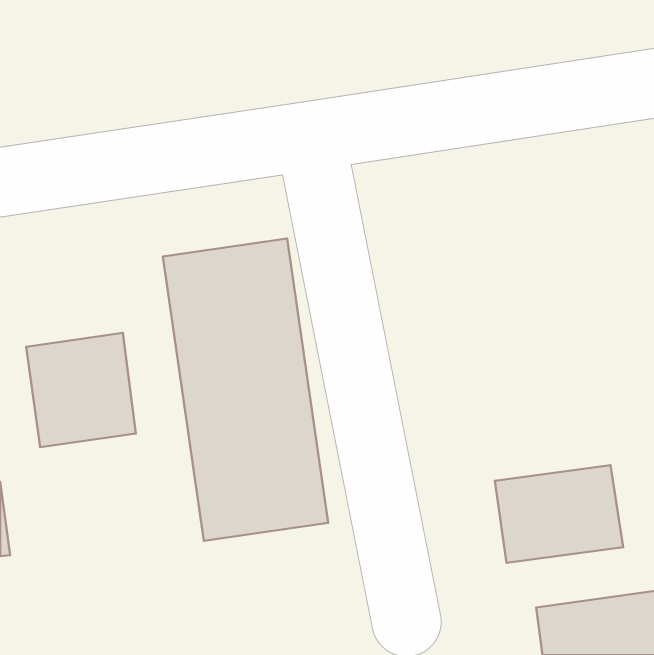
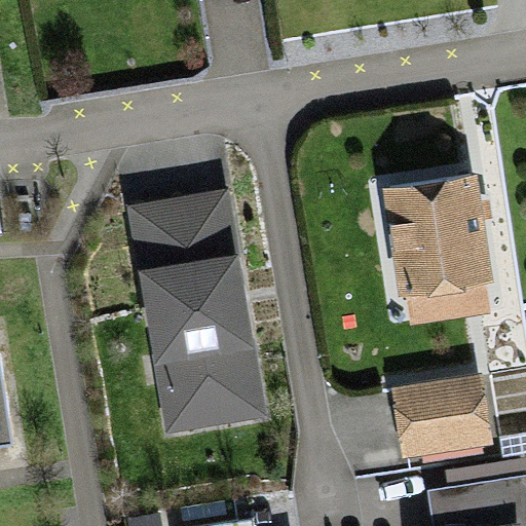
building: none -> [376,177,490,308]
building: [26,333,136,447] -> none

